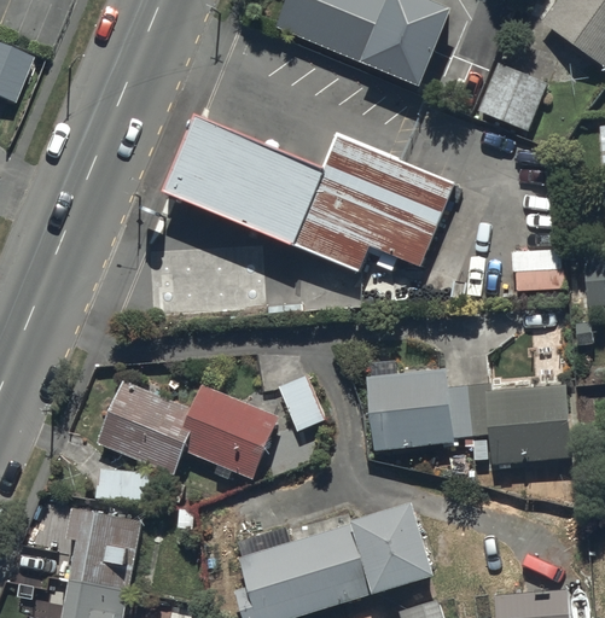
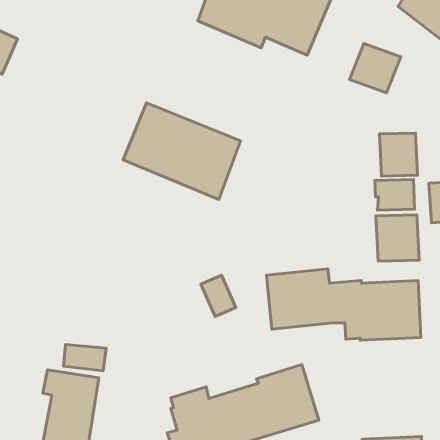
building: [306,158,459,290] -> none
building: none -> [379,133,418,176]
building: none -> [376,215,419,261]
building: [97,375,281,479] -> none

